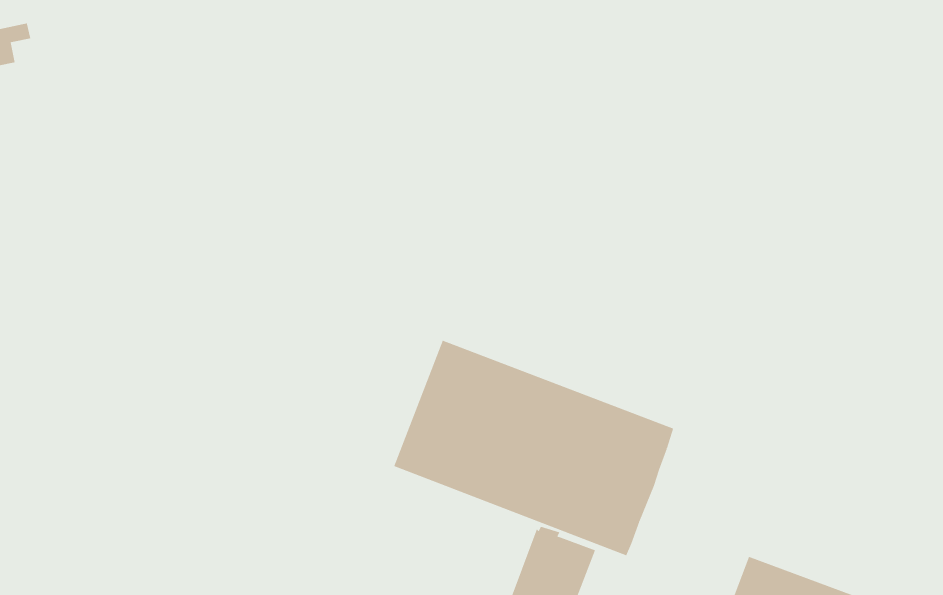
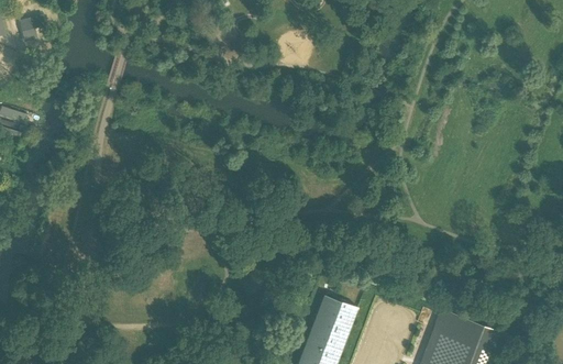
building: [394,340,674,556] -> none

